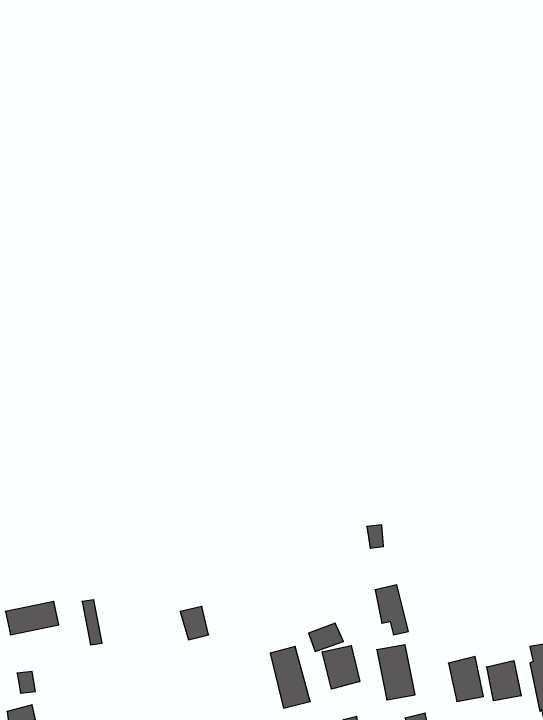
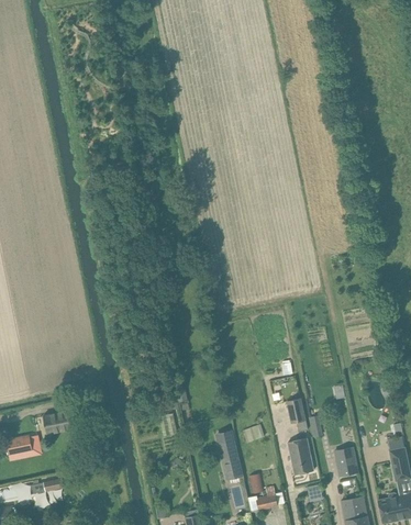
building: [322,646,360,689] -> none
building: [487,661,521,701] -> none

